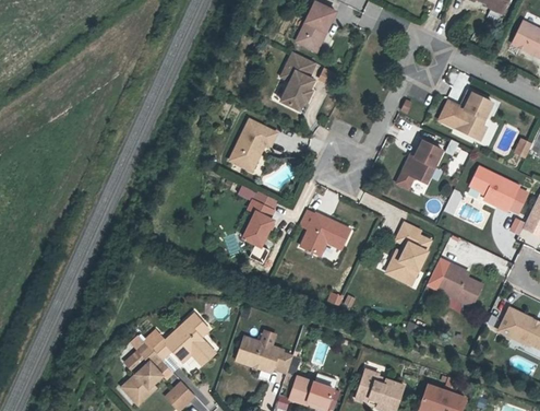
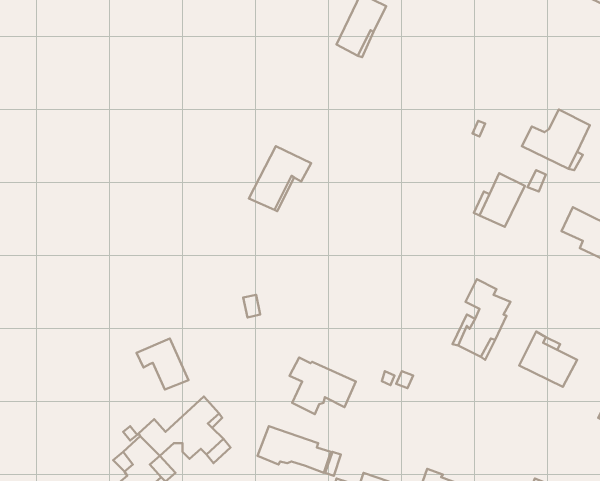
building: [280,51,315,109] -> none
building: [243,199,274,246] -> none
building: [299,210,350,254] -> [289,358,356,414]
building: none -> [136,339,189,390]

